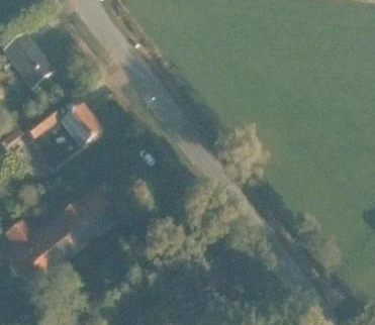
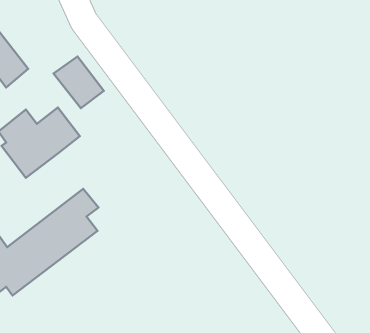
building: none -> [53,56,104,108]

